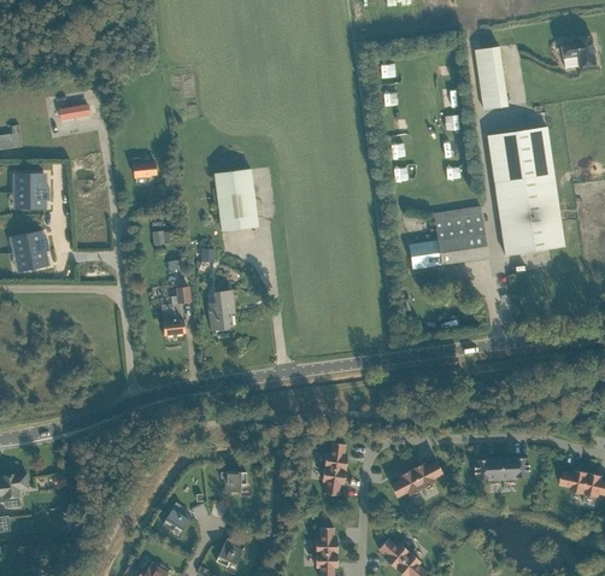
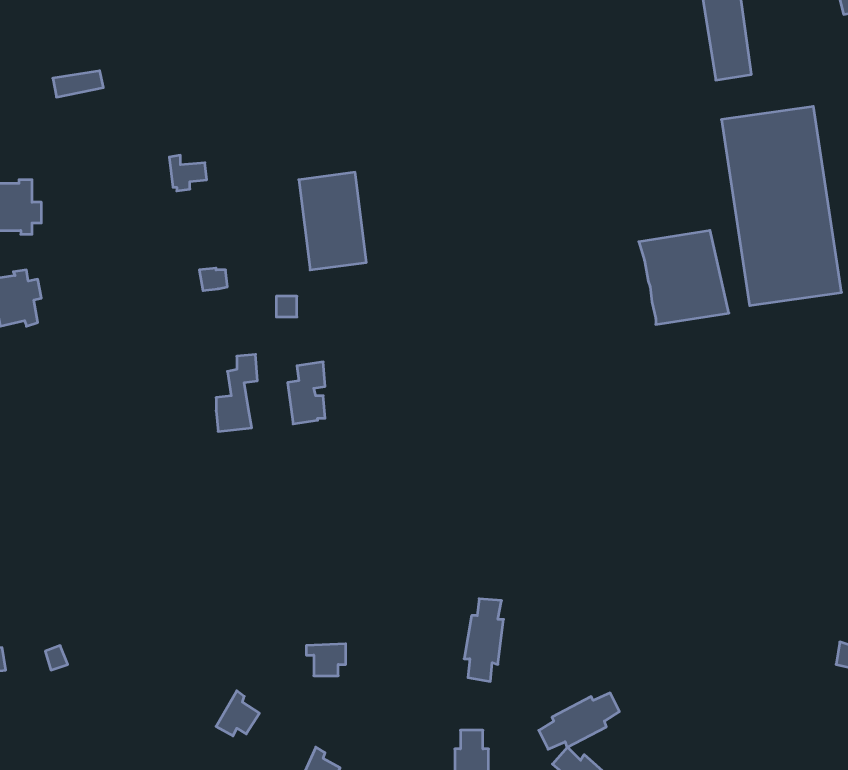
building: [410,241,441,269] -> none
building: [475,455,528,480] -> none
building: [390,460,442,496] -> [539,693,619,749]

